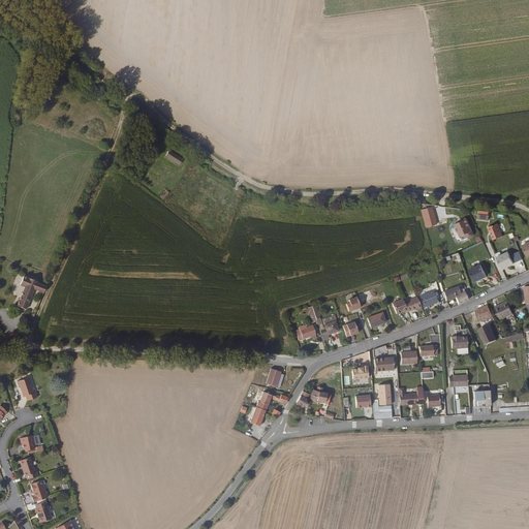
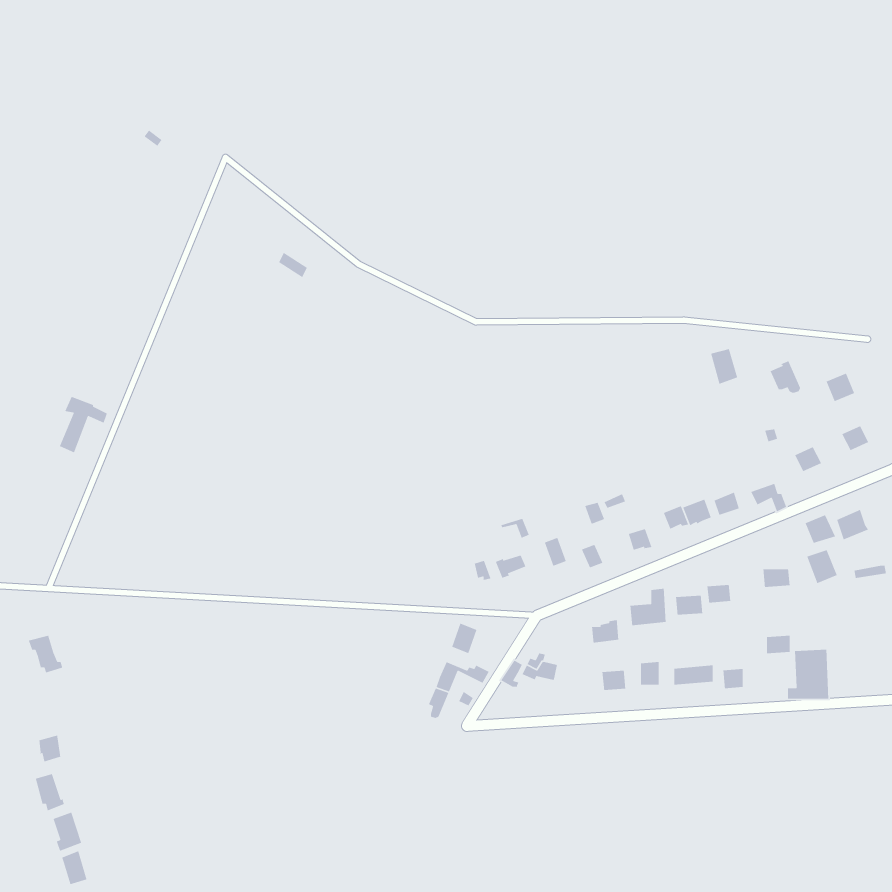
building: [17,275,45,309] -> [59,396,108,454]

